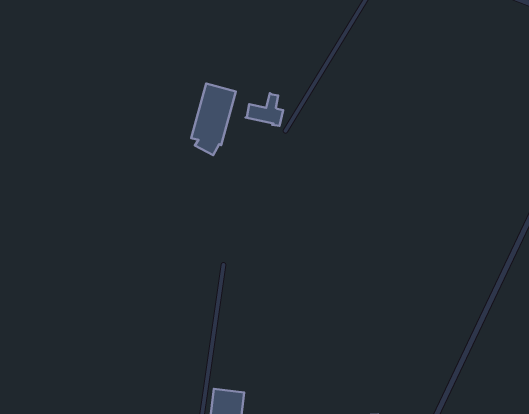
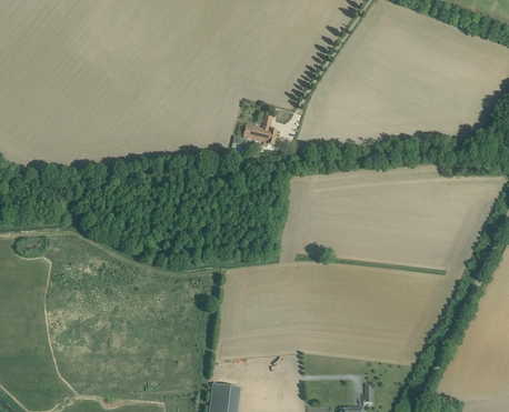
building: [191,84,236,155] -> none

